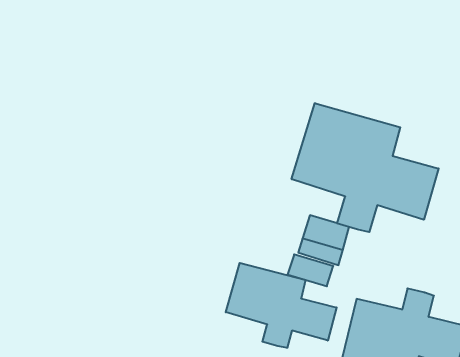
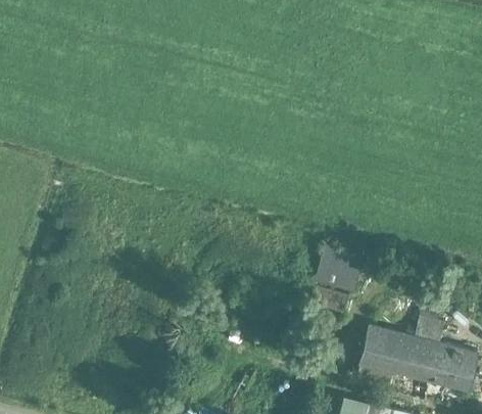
building: [292,103,439,232] -> none
building: [226,263,337,348] -> none

